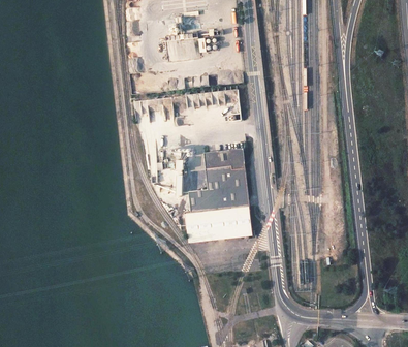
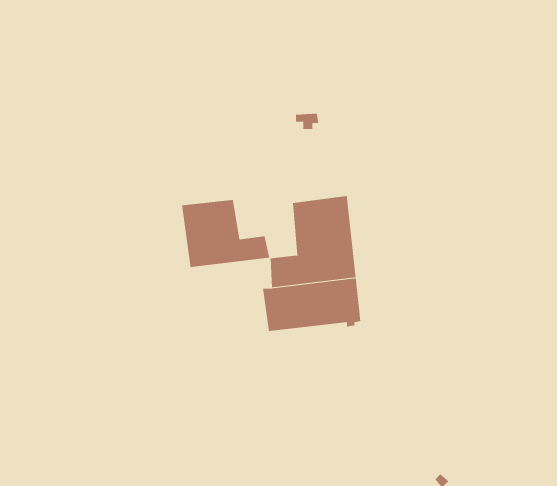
building: none -> [181,199,270,268]

